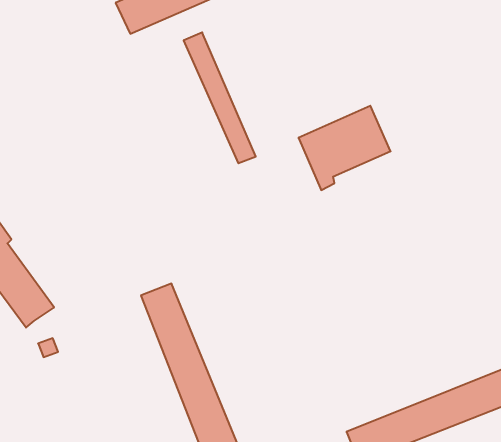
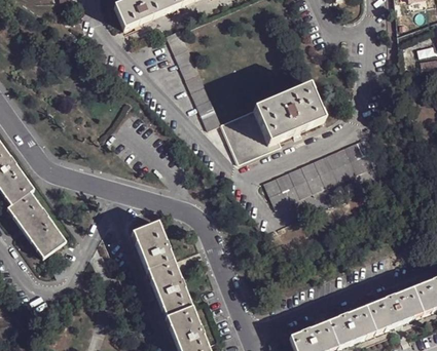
building: none -> [221,110,271,164]
building: none -> [265,138,377,207]

